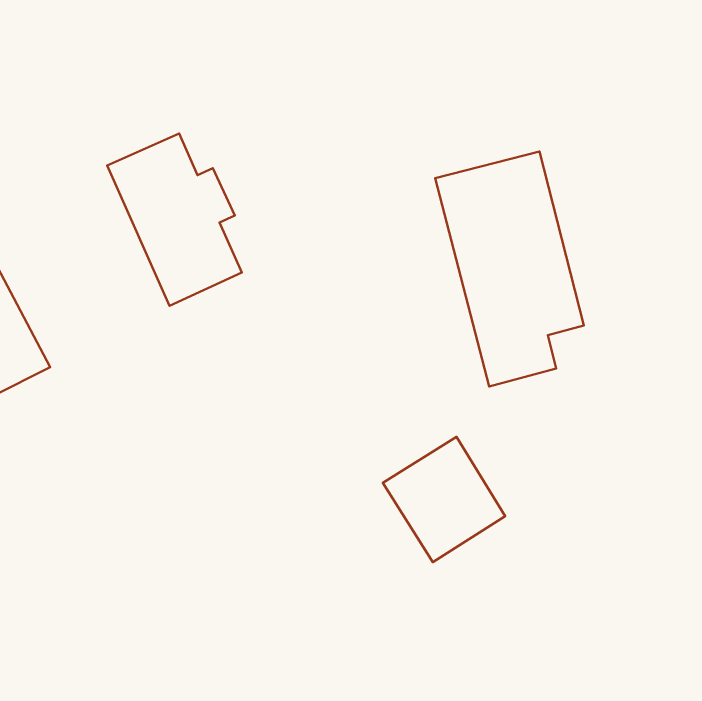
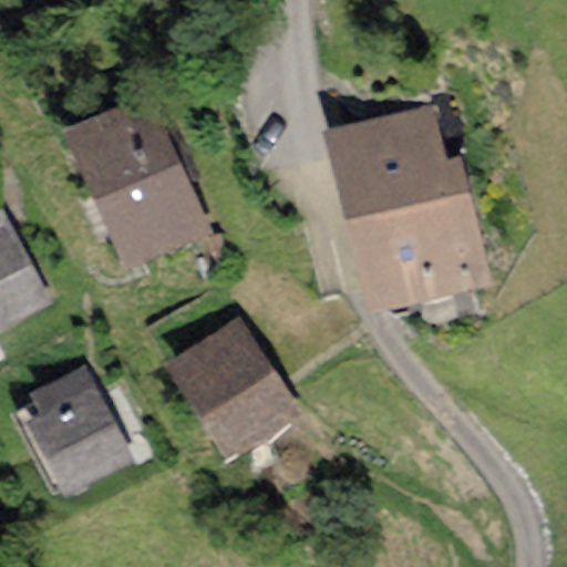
building: [383,437,505,562] -> [186,340,284,440]
building: none -> [30,371,123,477]

